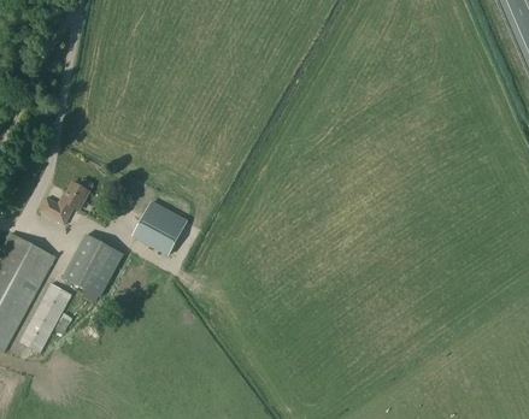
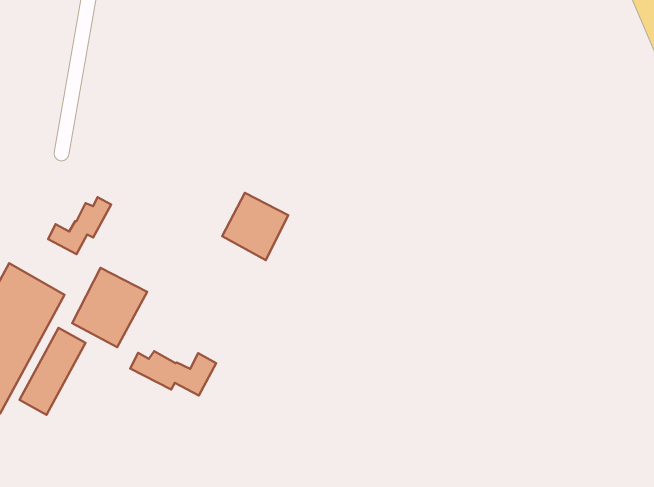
building: [133,202,186,256] -> [222,193,288,260]
building: none -> [130,351,216,395]

